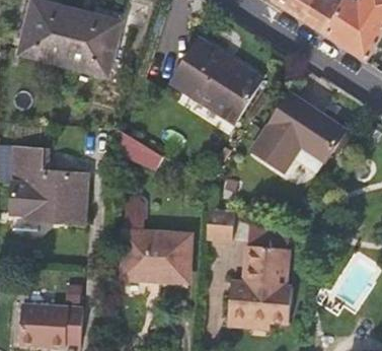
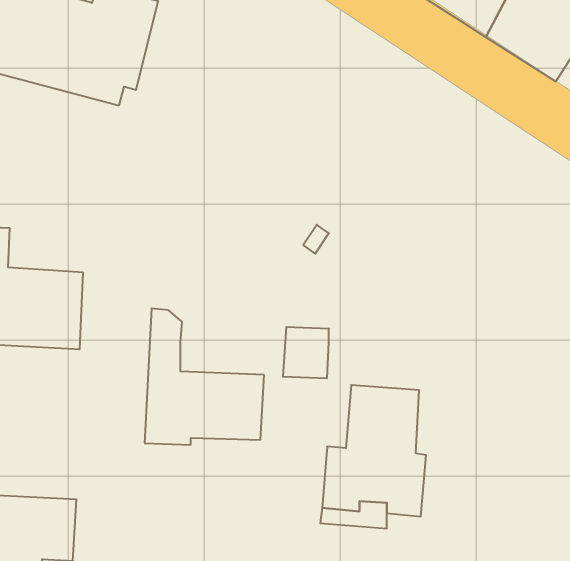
building: [170,38,262,122] -> none
building: [252,93,347,171] -> none
building: [114,127,160,168] -> none

